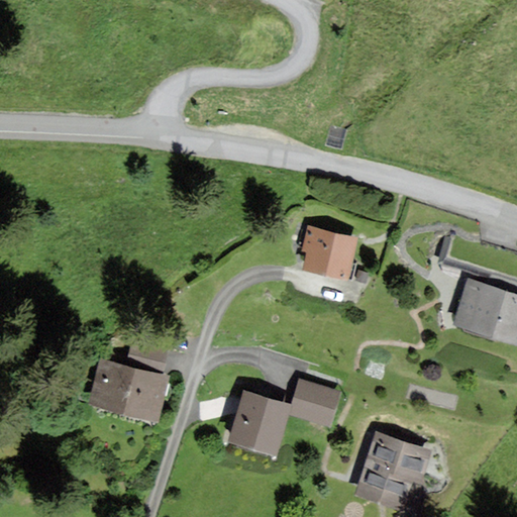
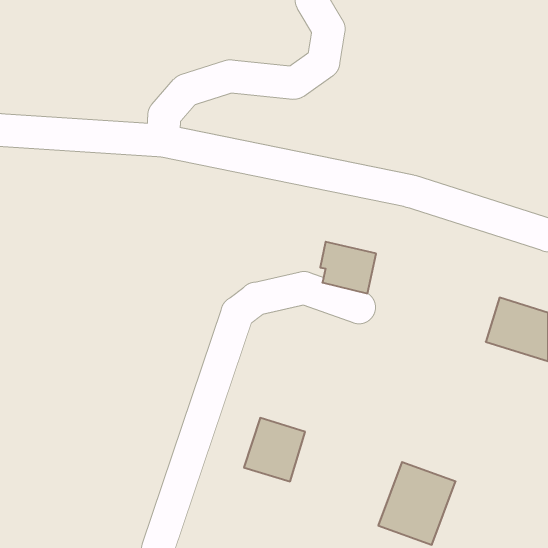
building: [96,355,172,419] -> none
building: [291,383,338,425] -> none

